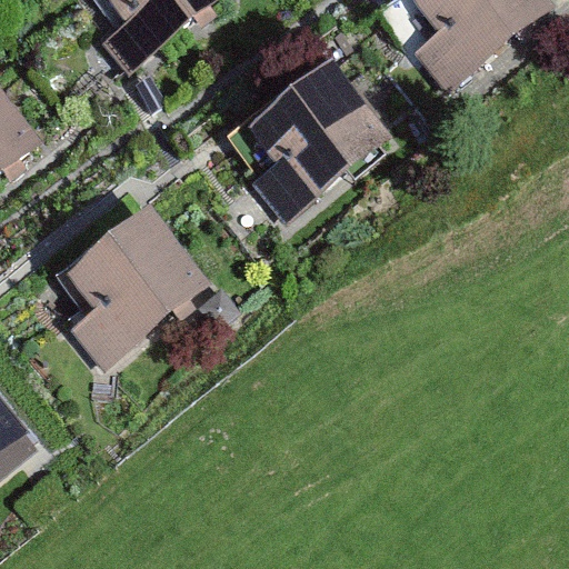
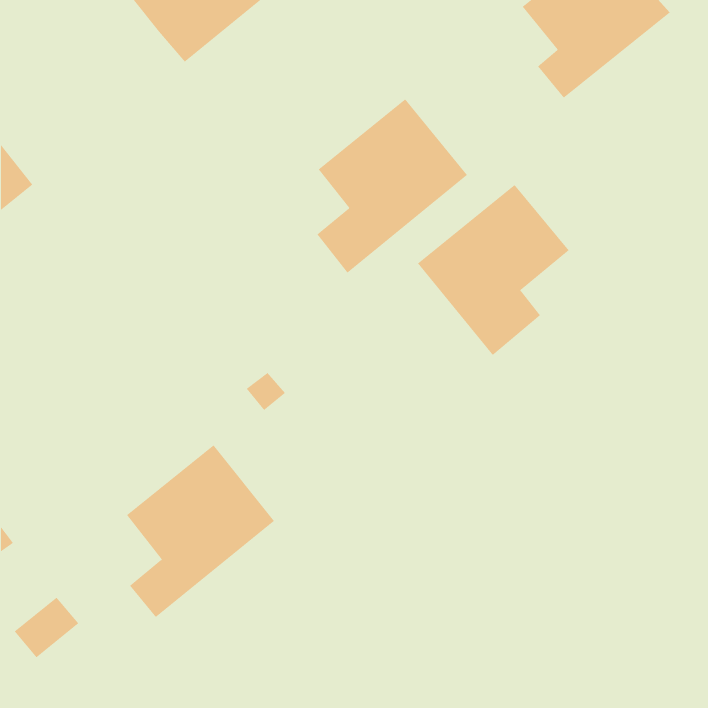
building: none -> [417,184,569,356]
building: [74,226,193,365] -> [126,444,275,618]

